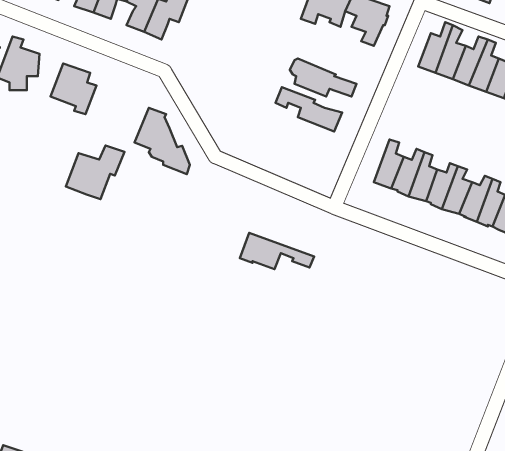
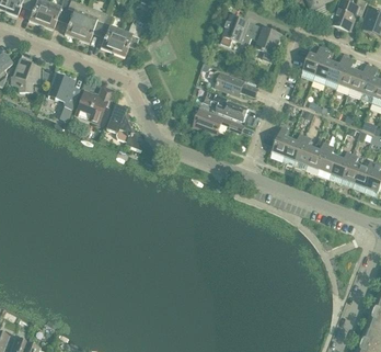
building: [66,145,124,199] -> [73,84,114,122]
building: [240,233,314,269] -> [192,107,243,133]

